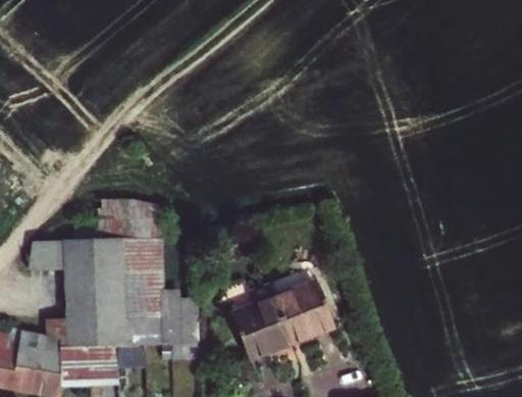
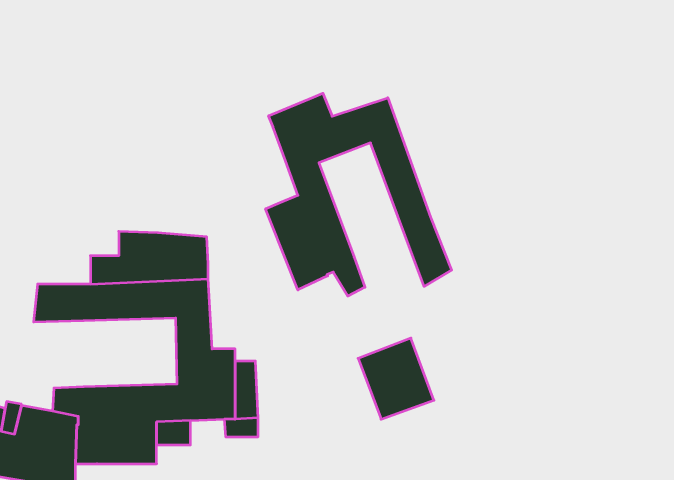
building: none -> [266,93,452,296]
building: [67,267,138,319] -> none
building: [233,283,292,359] -> none

